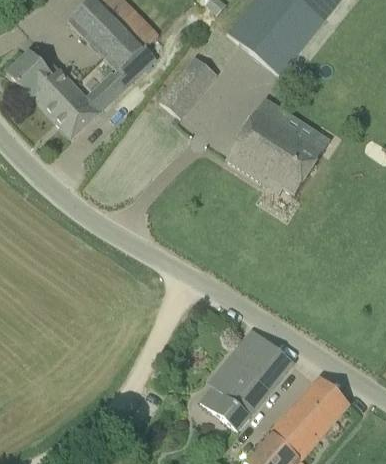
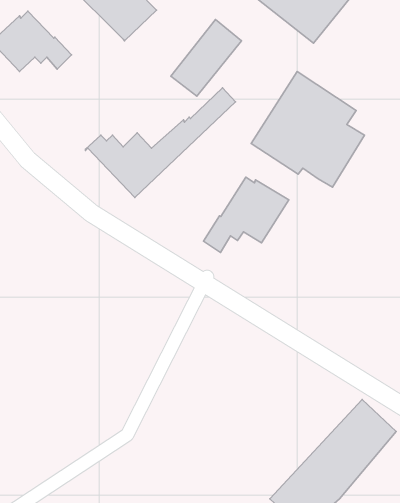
building: [30,45,157,138] -> [85,88,235,198]
building: none -> [204,177,289,253]
building: [200,328,293,430] -> none

